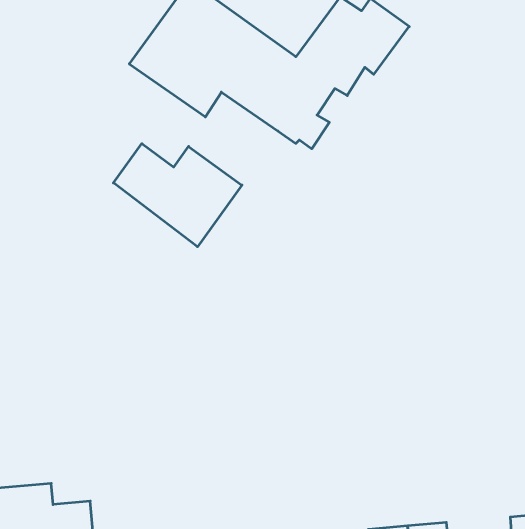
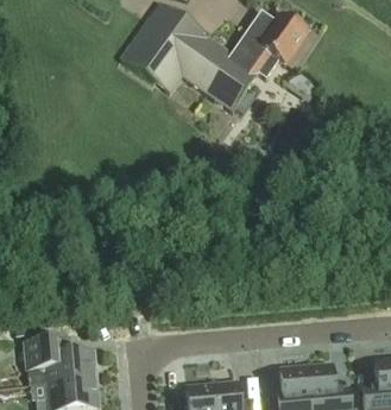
building: [113,144,242,247] -> none

